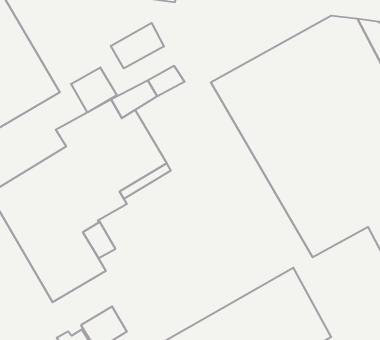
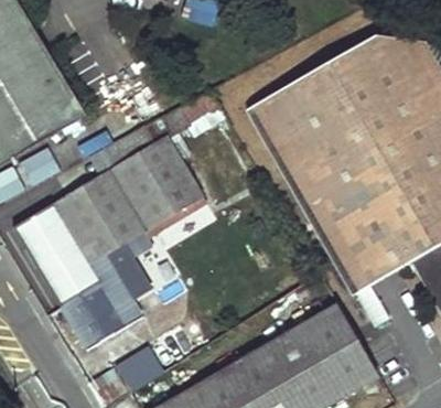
building: [111,23,164,68] -> none
building: [71,67,117,112] -> none

